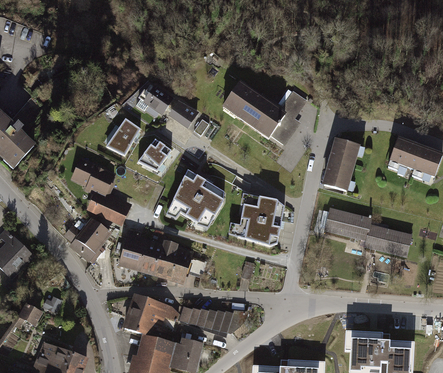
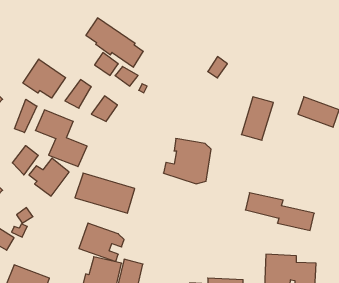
building: [225,84,295,144] -> [86,18,143,67]
building: none -> [23,59,66,98]
building: none -> [15,99,37,133]
building: [167,169,224,226] -> none
building: none -> [12,146,38,175]
building: [326,209,410,255] -> [245,193,314,230]
building: [179,307,234,335] -> none

